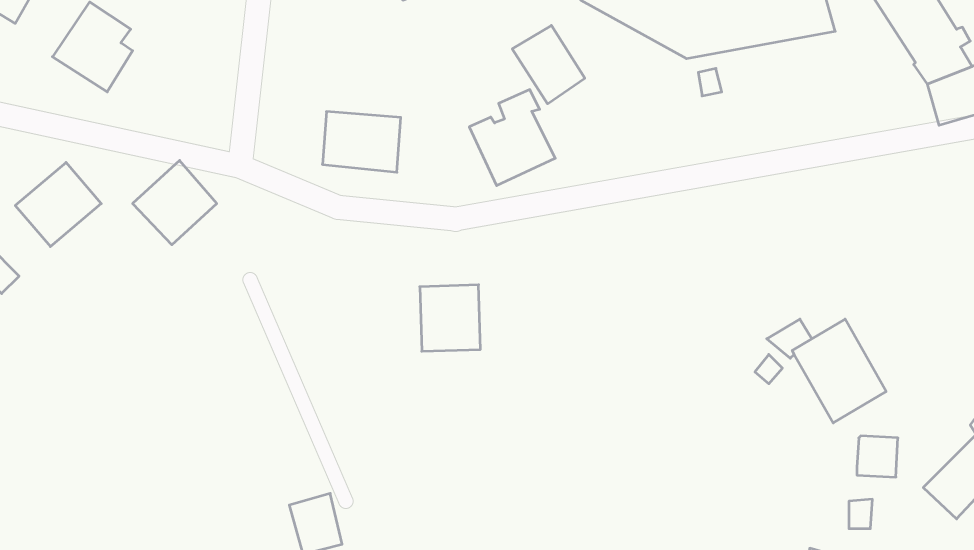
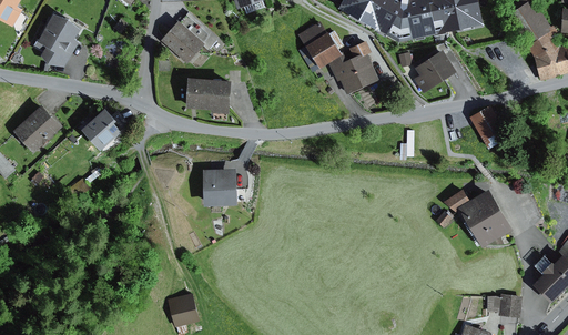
building: none -> [164,19,209,62]
building: none -> [412,51,454,94]
building: [469,90,555,186] -> [329,43,378,98]
building: none -> [467,105,507,150]
building: [420,285,480,351] -> [204,165,239,203]
building: [857,436,898,477] -> [500,292,524,315]

